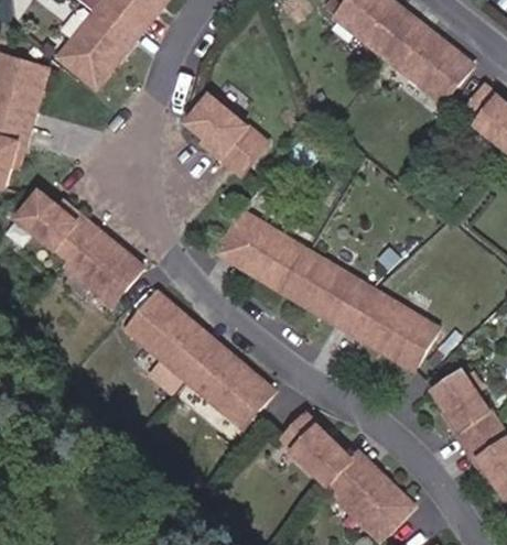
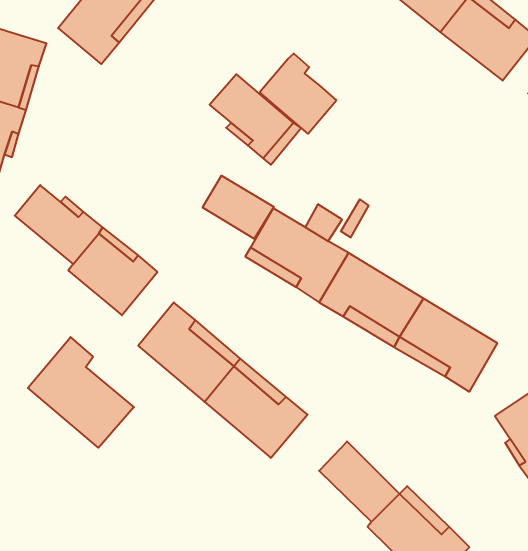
building: none -> [260,53,336,134]
building: none -> [203,176,274,239]
building: none -> [28,337,134,448]

